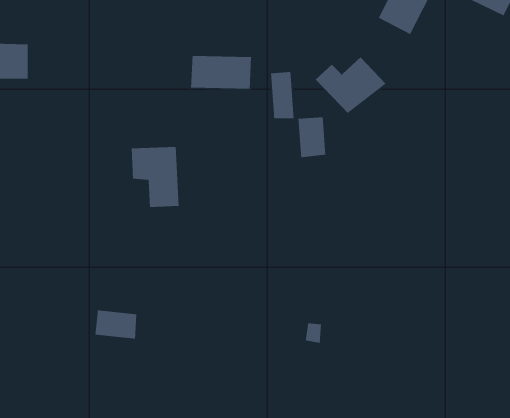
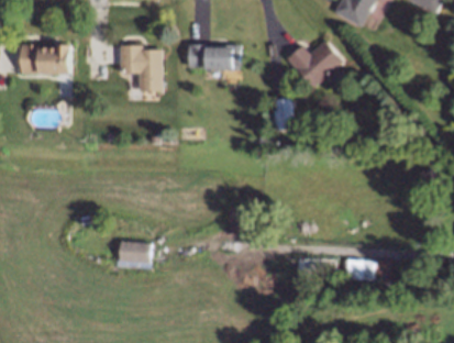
building: [270,71,295,119] -> none
building: [131,146,179,208] -> [121,37,158,85]
building: none -> [347,259,376,280]

